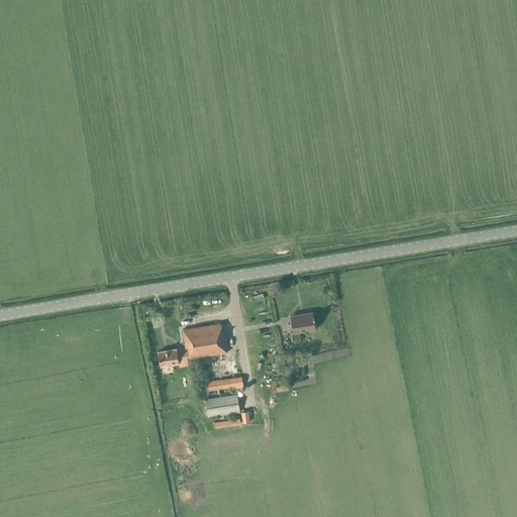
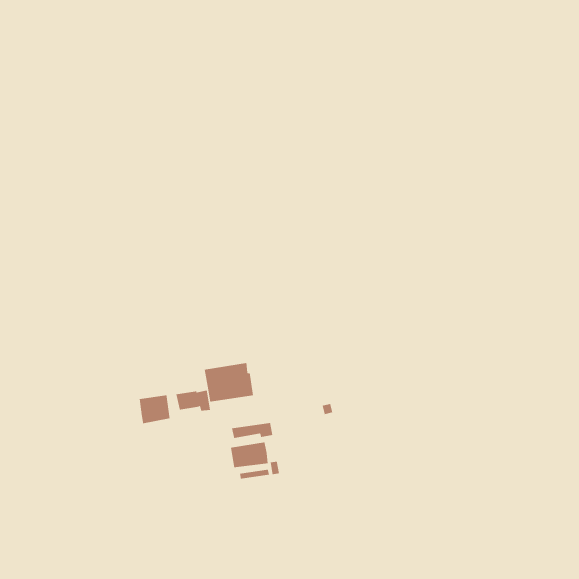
building: [291,313,315,340] -> none
building: none -> [139,395,170,424]

